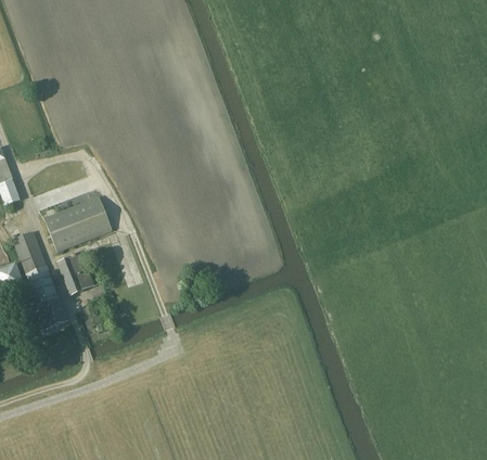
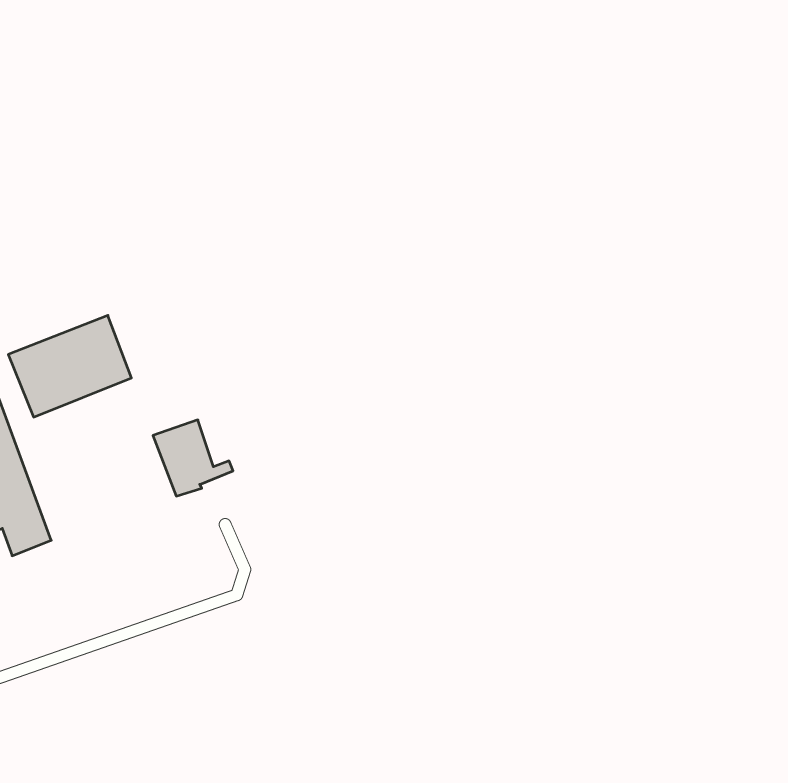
building: [56,251,101,293] -> [153,420,233,496]

